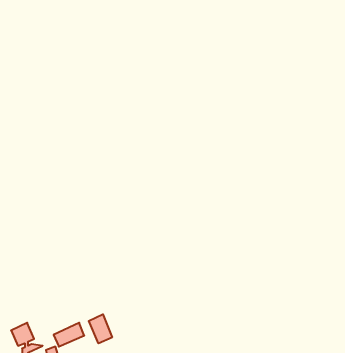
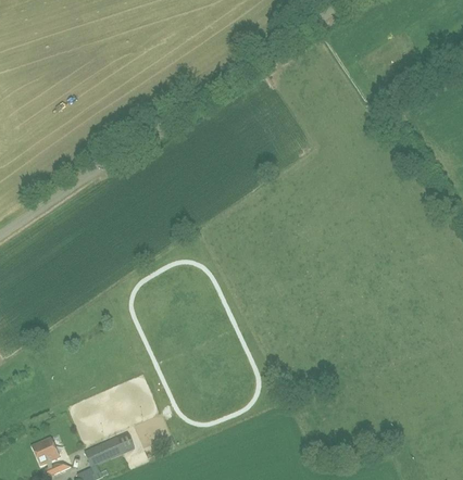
building: [89,314,112,343] -> none

